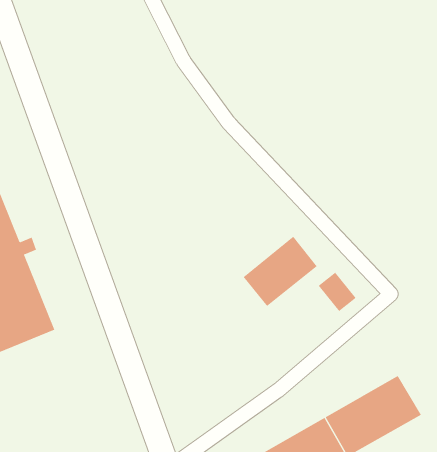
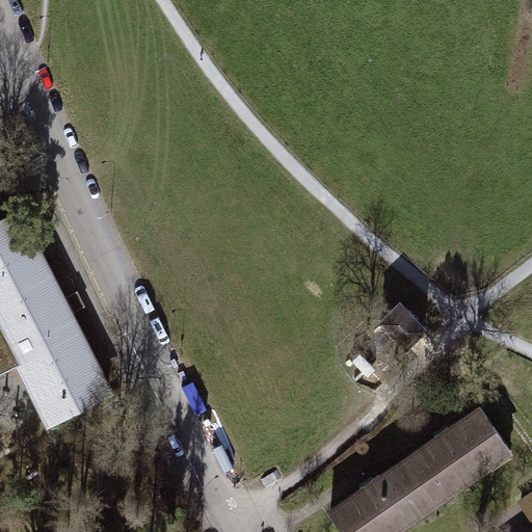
building: [243,236,317,307] -> none

